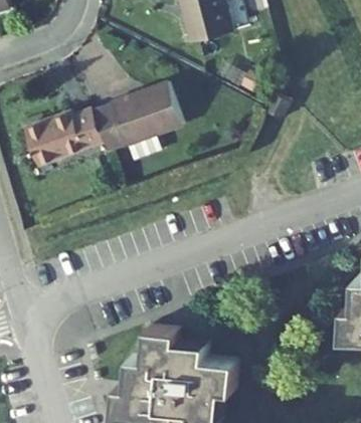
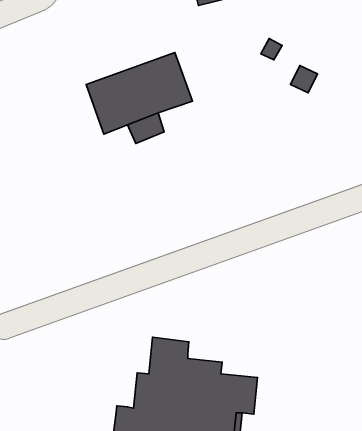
building: [23,110,103,165] -> none

